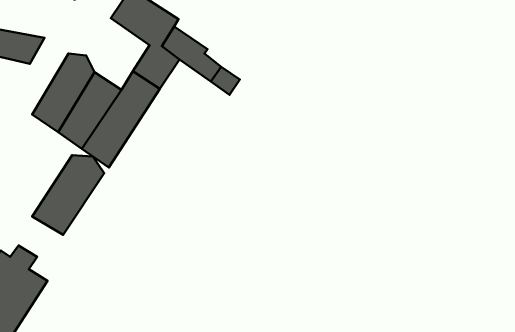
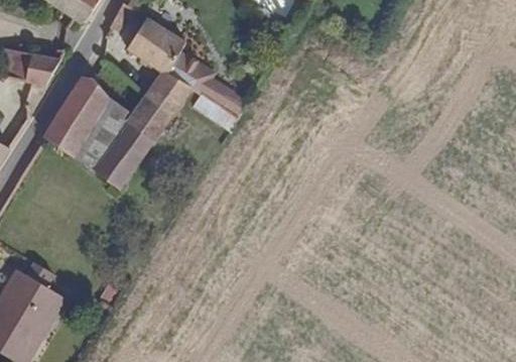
building: [32,155,104,235] -> none

